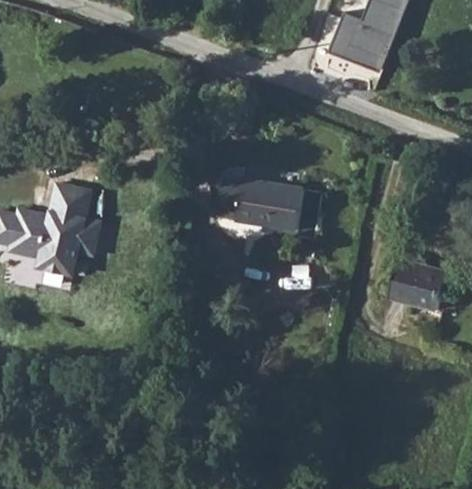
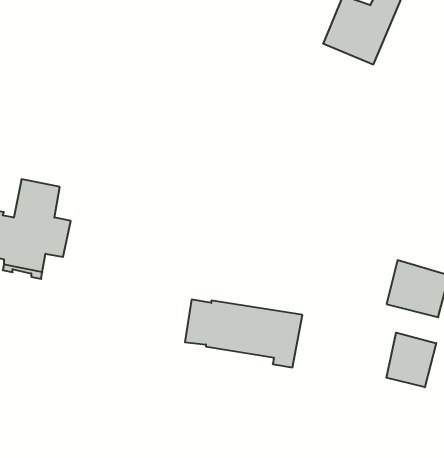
building: [213,177,320,239] -> [185,300,302,367]
building: none -> [386,333,436,387]

